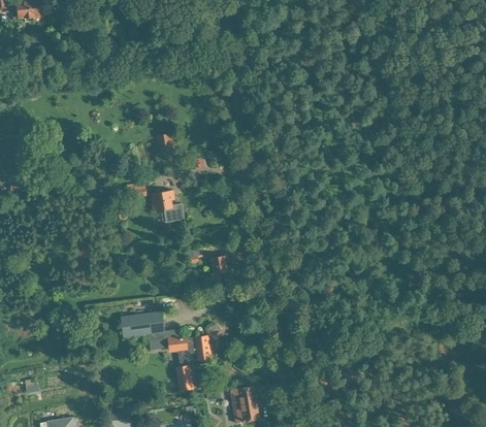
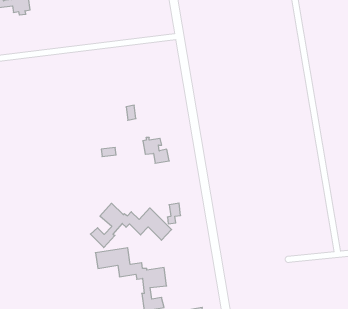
building: [151,190,184,222] -> [143,138,169,163]
building: none -> [90,203,172,248]

